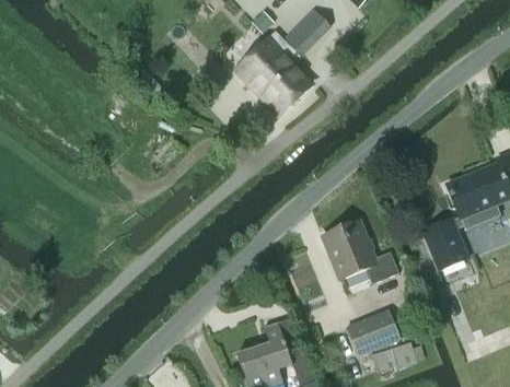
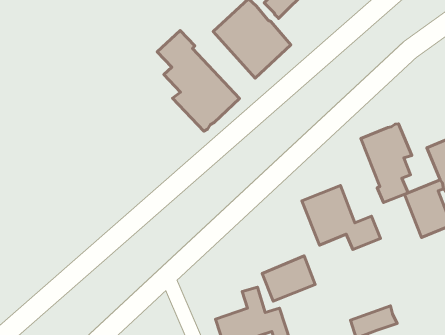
building: none -> [157,31,239,131]
building: none -> [361,124,412,203]
building: [346,310,398,355] -> [262,256,315,301]

